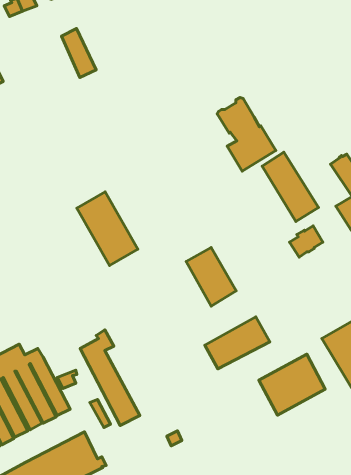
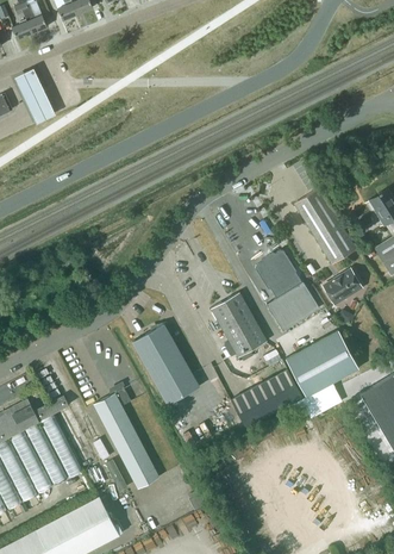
building: [61,29,96,77] -> [14,73,52,126]
building: [217,98,276,171] -> [255,250,319,331]
building: [77,192,138,266] -> [132,324,199,405]
building: [259,354,325,415] -> [286,330,358,397]

